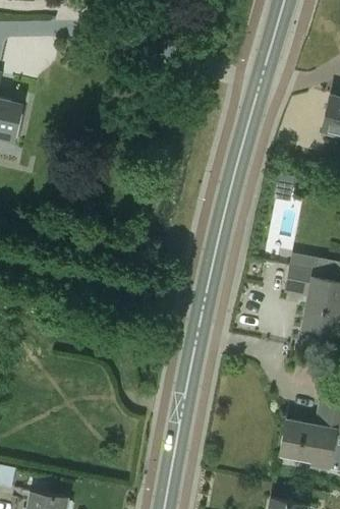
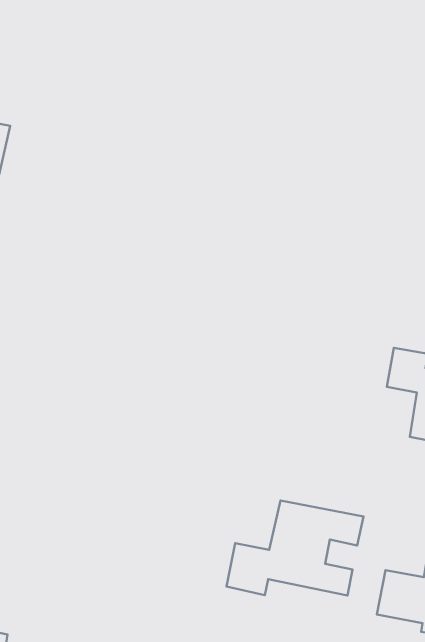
building: none -> [226,501,364,595]

